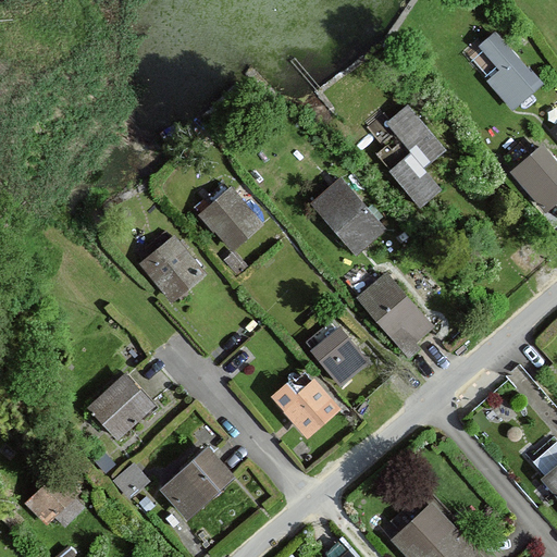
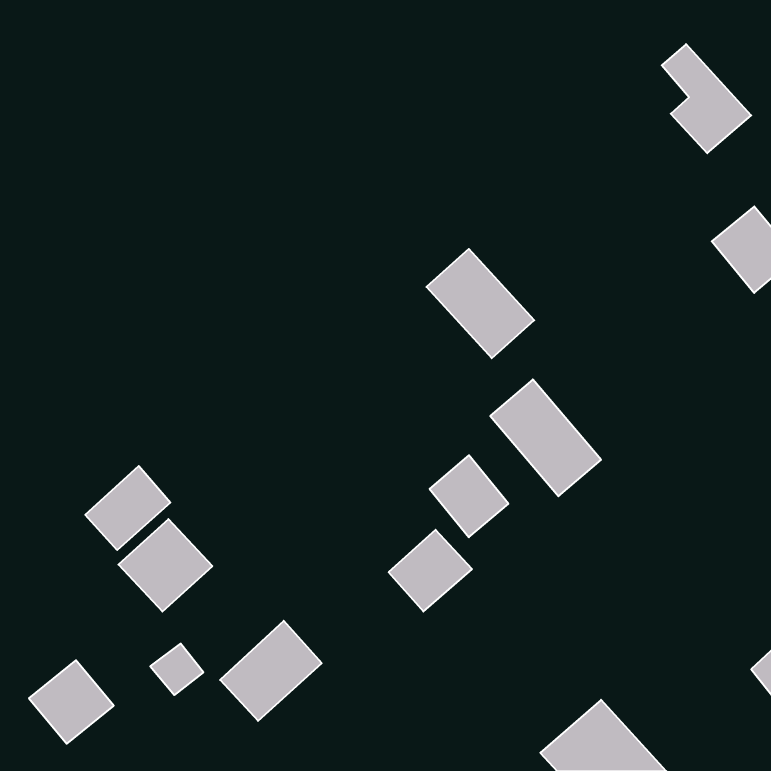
building: [384,104,446,210] -> none
building: [196,185,263,252] -> none
building: [139,236,206,302] -> none
building: none -> [85,466,170,550]

